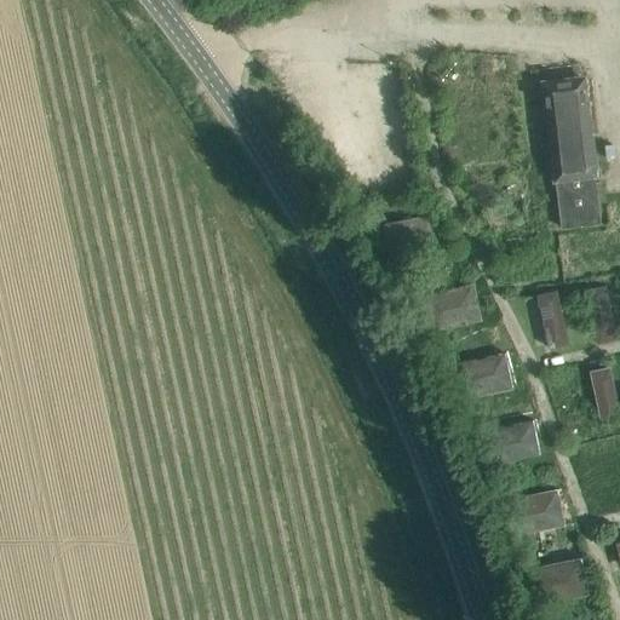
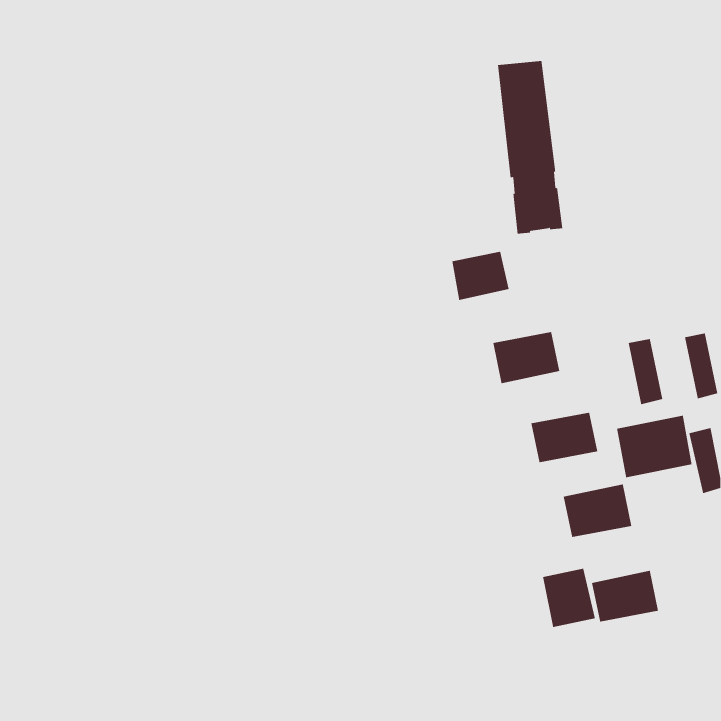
building: [545,79,602,228] -> [497,61,563,234]
building: none -> [617,415,692,478]
building: none -> [542,568,595,628]
building: [533,558,589,603] -> none

